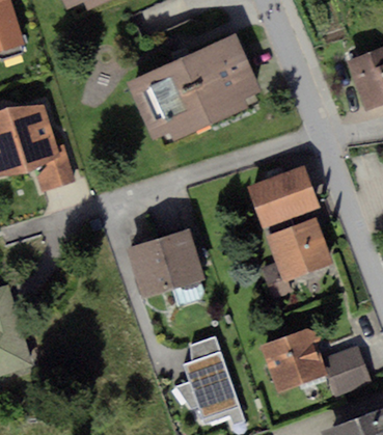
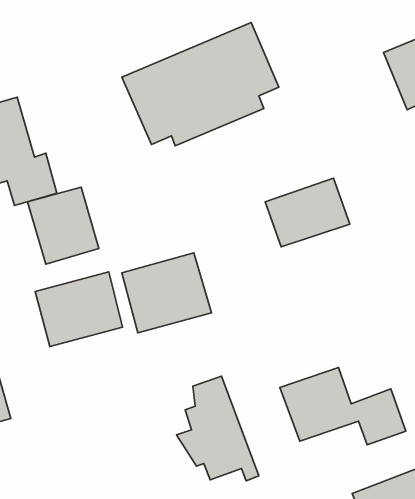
building: none -> [28,187,99,264]
building: [265,219,330,296] -> none
building: none -> [35,272,123,346]

